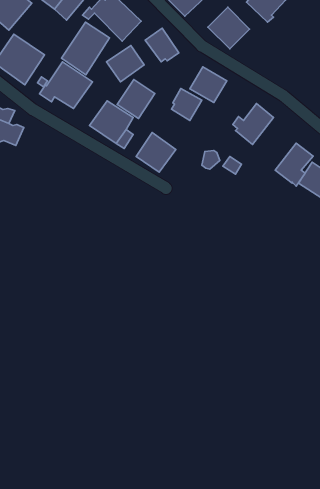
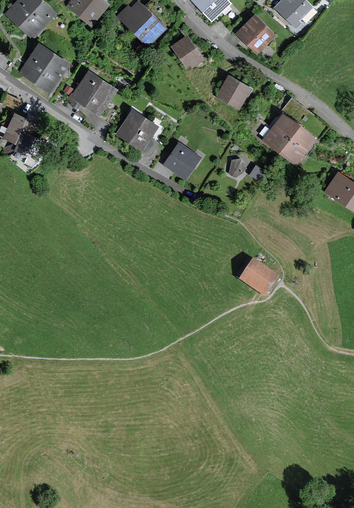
building: [61,22,110,75] -> none
building: [106,45,144,82] -> none
building: [117,80,155,118] -> none
building: [172,89,202,120] -> none
building: [275,143,313,186] -> [279,125,317,168]
building: none -> [237,260,278,299]

